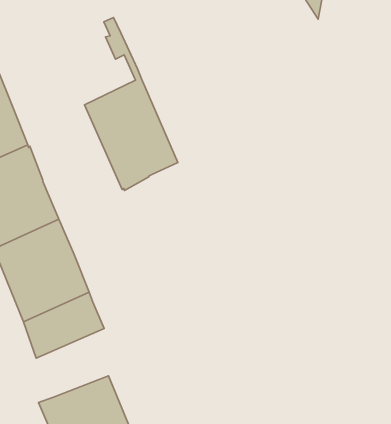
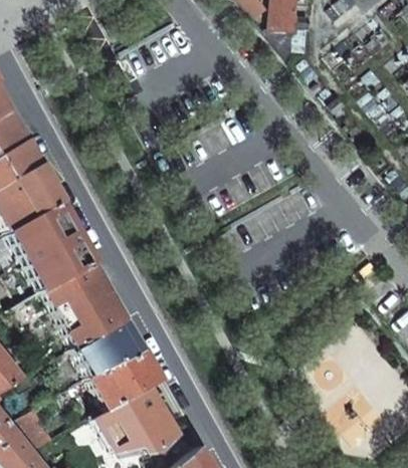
building: [85,18,178,190] -> none
building: none -> [89,348,163,411]

